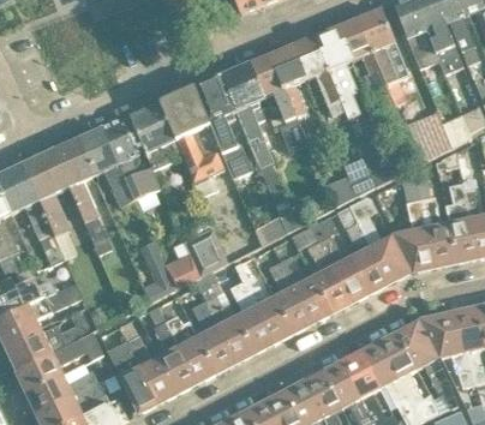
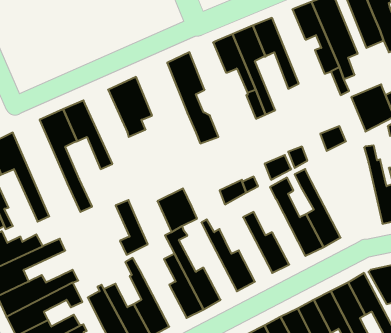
building: [312,26,359,118] -> none
building: [220,64,286,204] -> none
building: [160,86,221,194] -> none
building: [101,116,160,199] -> none
building: [22,150,74,258] -> none
building: [340,157,373,196] -> none
building: [394,170,436,271] -> none
building: [349,197,407,282] -> none
building: [305,239,349,312] -> none
building: [162,252,199,289] -> none
building: [268,259,312,331] -> none
building: [229,280,273,352] -> none
building: [164,313,216,382] -> none

